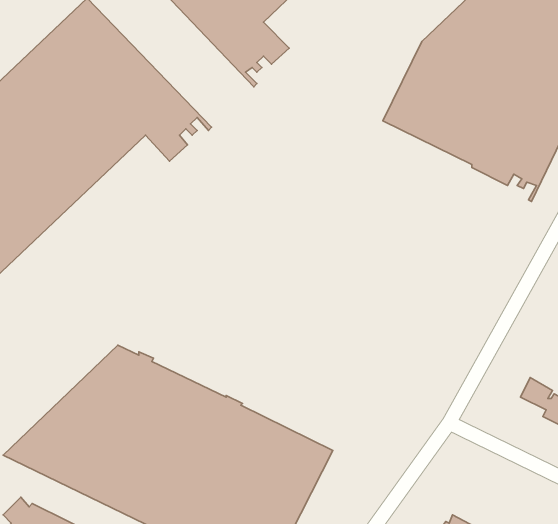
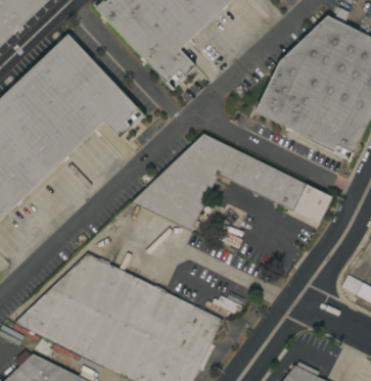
building: none -> [131,133,332,231]

